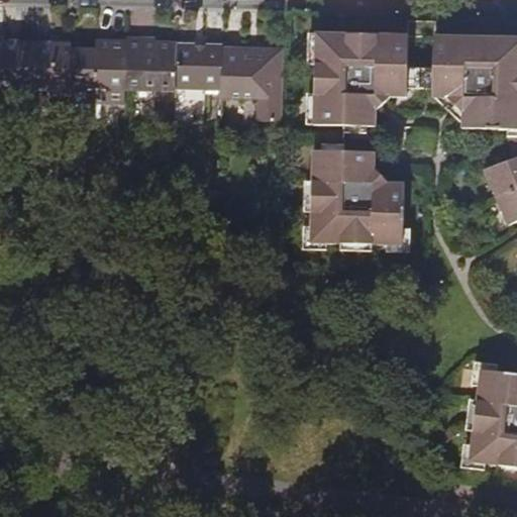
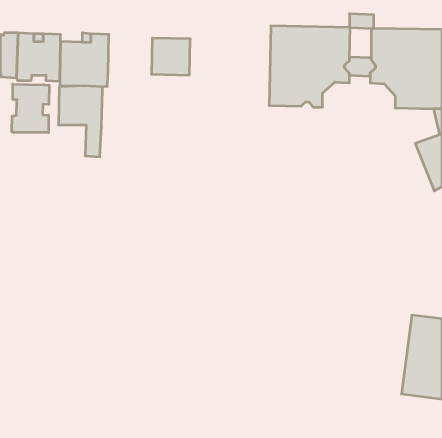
building: [126,39,178,122] -> [58,86,102,157]
building: [221,45,284,120] -> none
building: none -> [12,84,49,133]
building: [310,148,405,244] -> none

